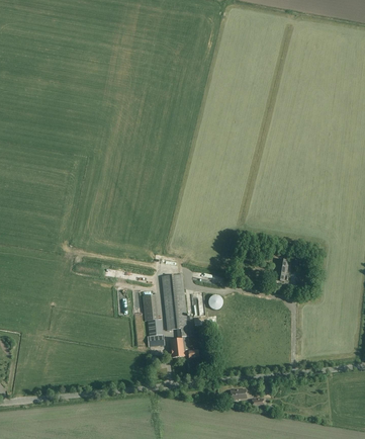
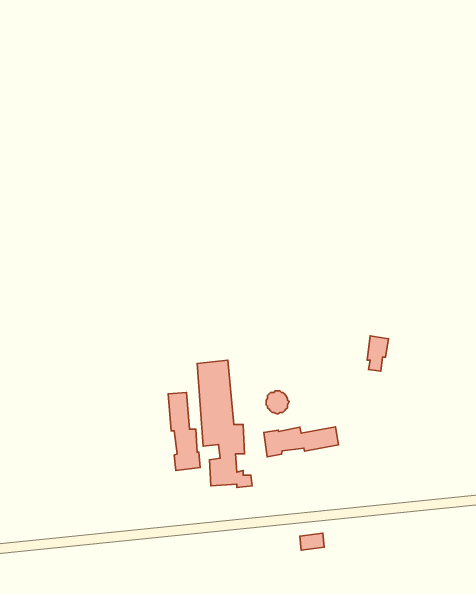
building: none -> [264,427,339,457]

